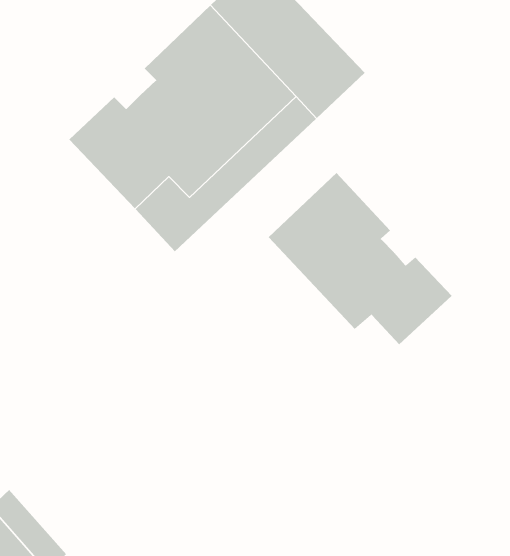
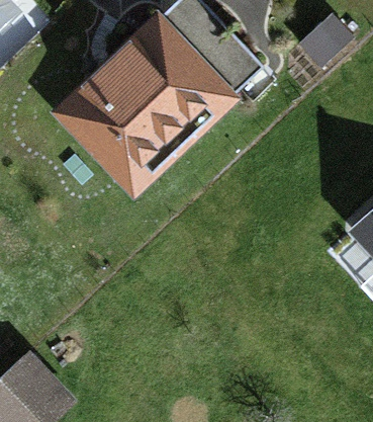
building: [268,172,452,345] -> none

